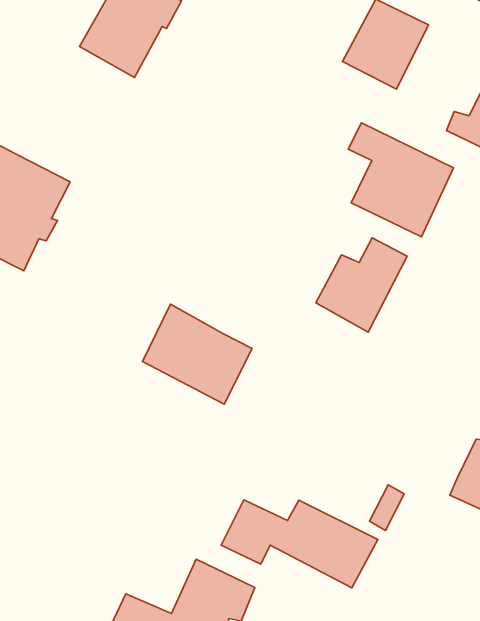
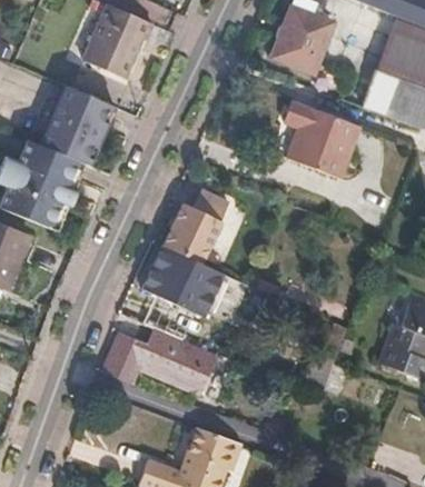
building: none -> [40,90,100,165]
building: [316,238,407,332] -> [162,193,226,262]
building: [221,500,378,588] -> [107,327,220,387]

